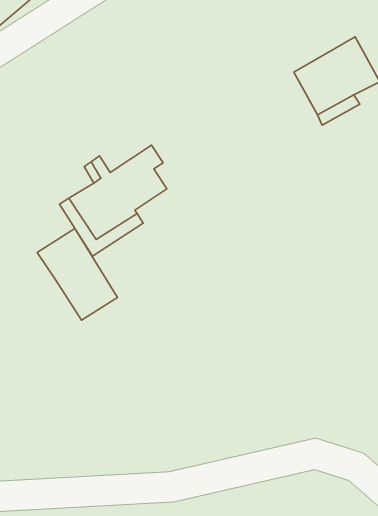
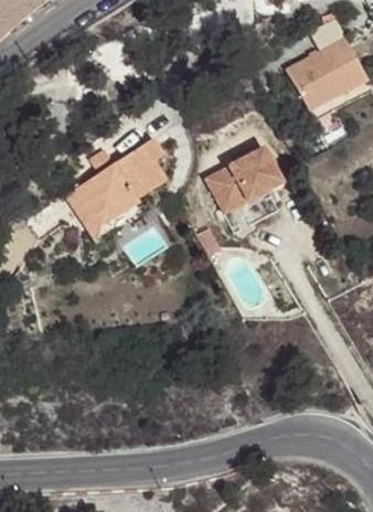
building: none -> [207,147,285,213]
building: [37,228,117,320] -> none

